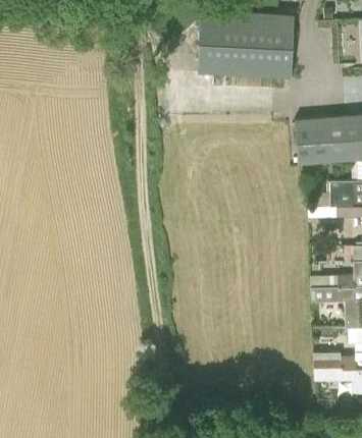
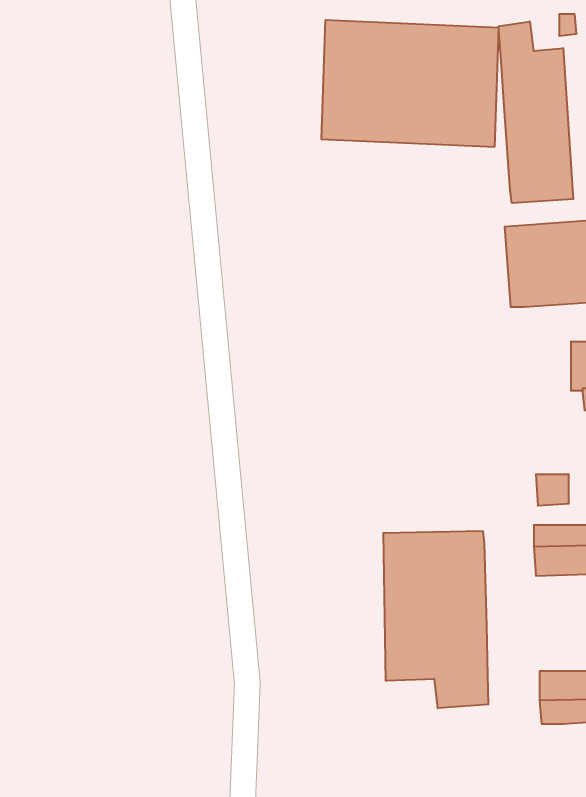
building: none -> [499,21,573,203]
building: none -> [383,531,488,708]

